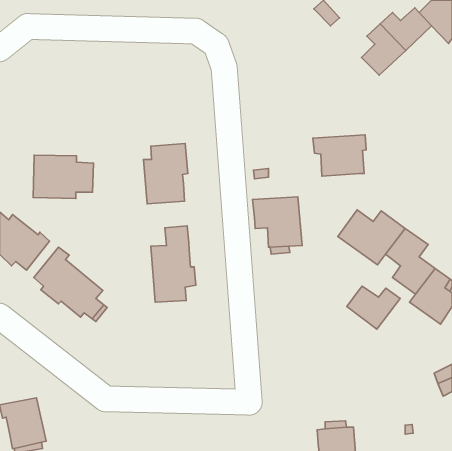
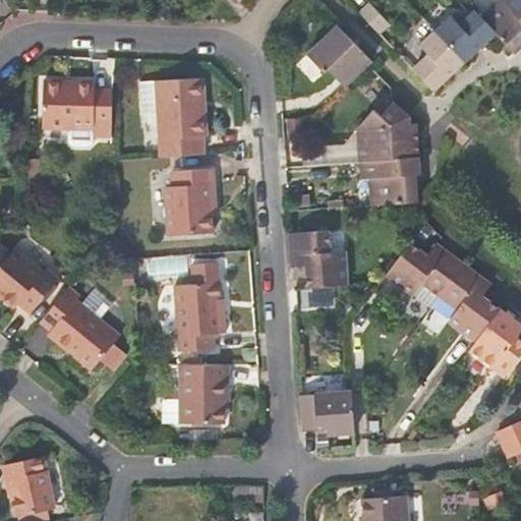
building: none -> [306,24,371,88]
building: none -> [140,78,209,156]
building: none -> [355,101,419,161]
building: [33,155,93,198] -> [42,78,111,128]
building: [347,286,400,329] -> none
building: none -> [167,363,229,422]
building: none -> [303,389,356,430]

